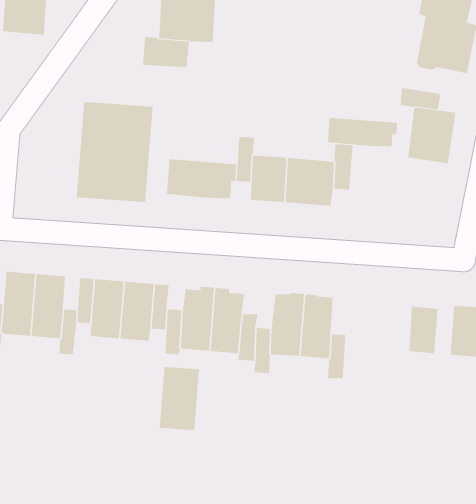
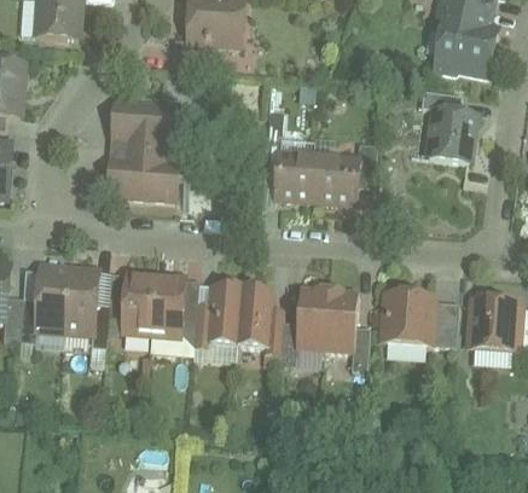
building: [327,117,398,147] -> none
building: [166,159,237,199] -> none
building: none -> [383,292,431,343]
building: [159,366,200,446] -> none

